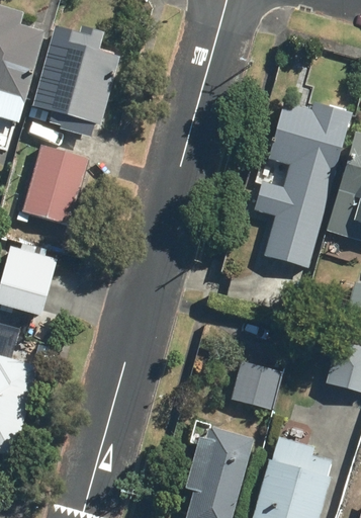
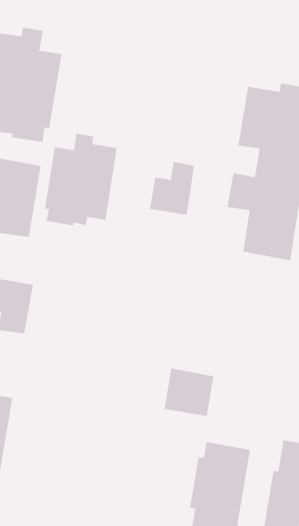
building: none -> [45,133,117,226]
building: none -> [150,161,194,215]
building: [232,360,281,409] -> [164,368,214,417]

